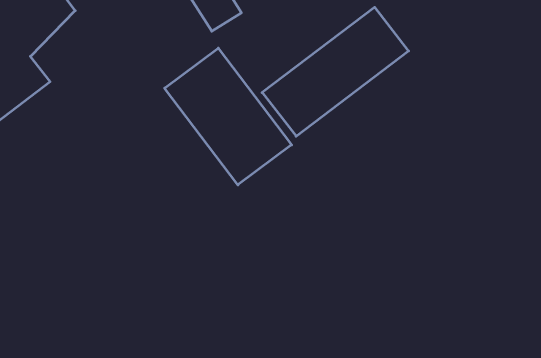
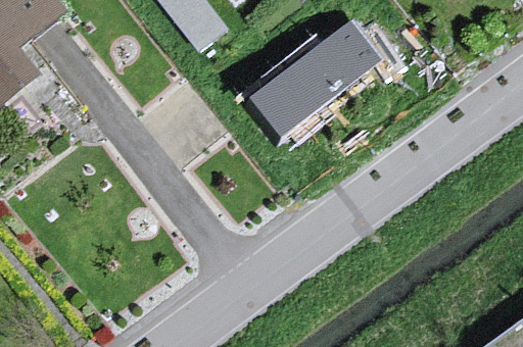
building: [165,48,292,185] -> none

